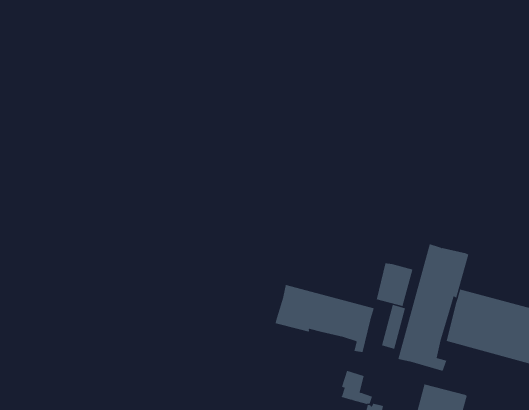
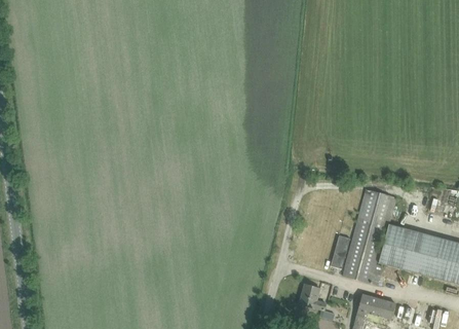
building: [376,262,413,307] -> none
building: [275,284,375,353] -> none

